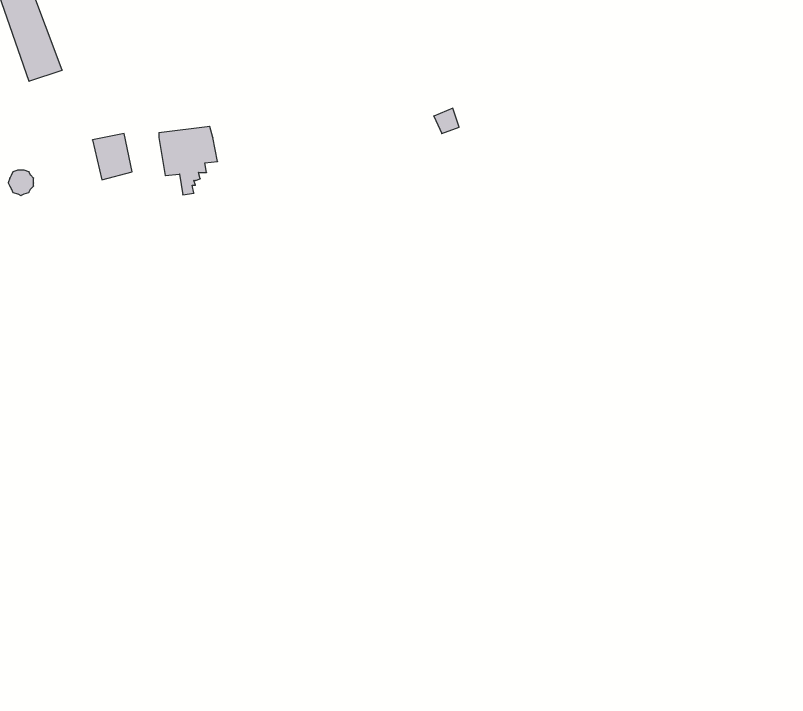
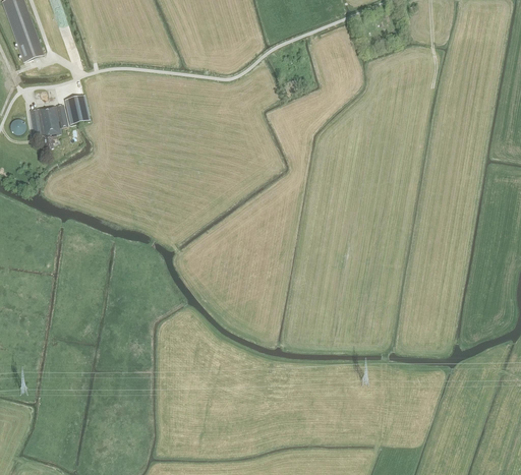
building: [159,126,218,195] -> [30,103,67,146]

